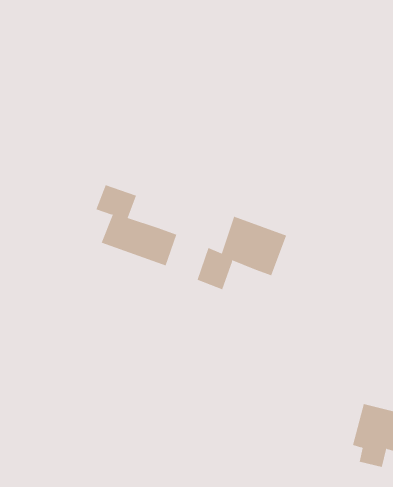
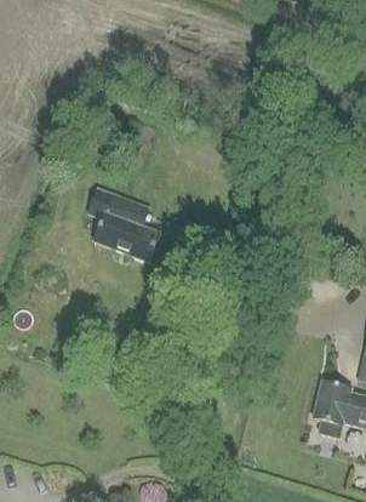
building: [197,216,287,290] -> none

